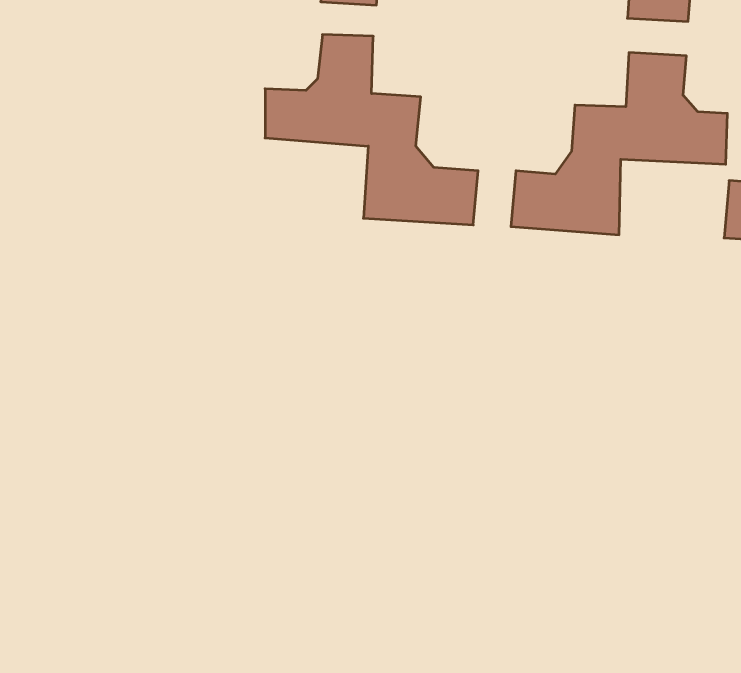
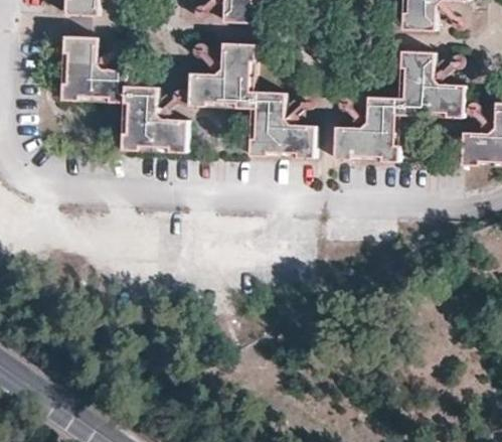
building: none -> [55,31,182,152]

